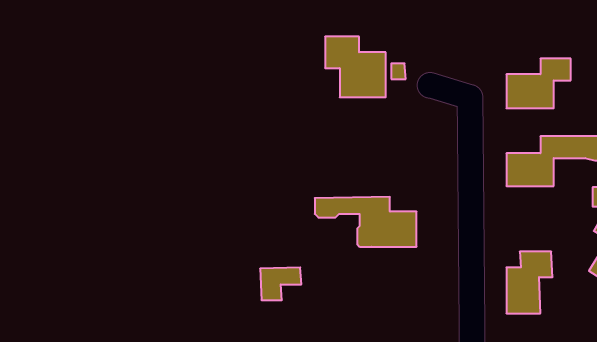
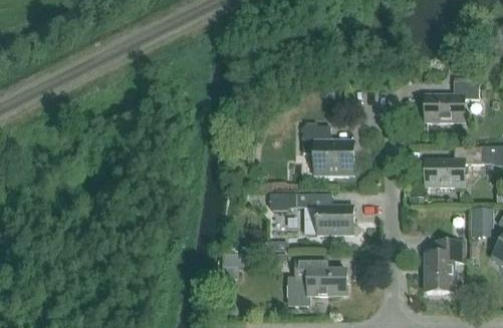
building: [325,37,386,97] -> [303,125,353,176]
building: none -> [471,207,494,237]
building: none -> [289,257,347,304]

